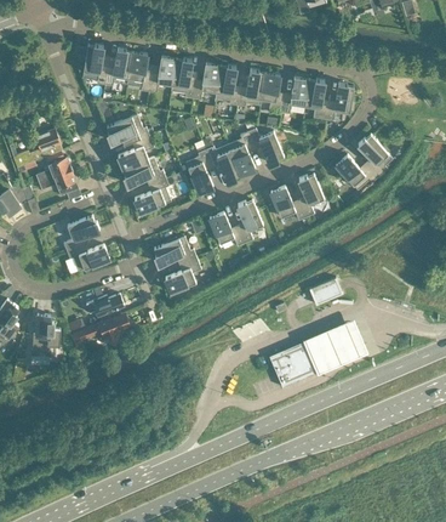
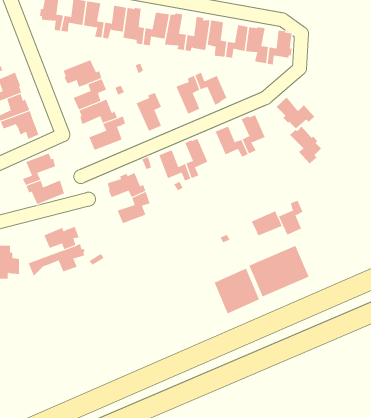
building: [356,134,391,175] -> [289,126,322,164]
building: [205,143,240,181] -> none
building: none -> [278,200,303,236]

